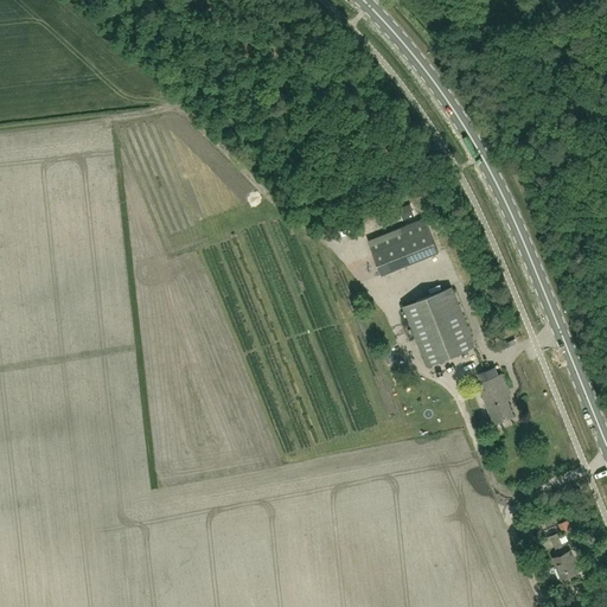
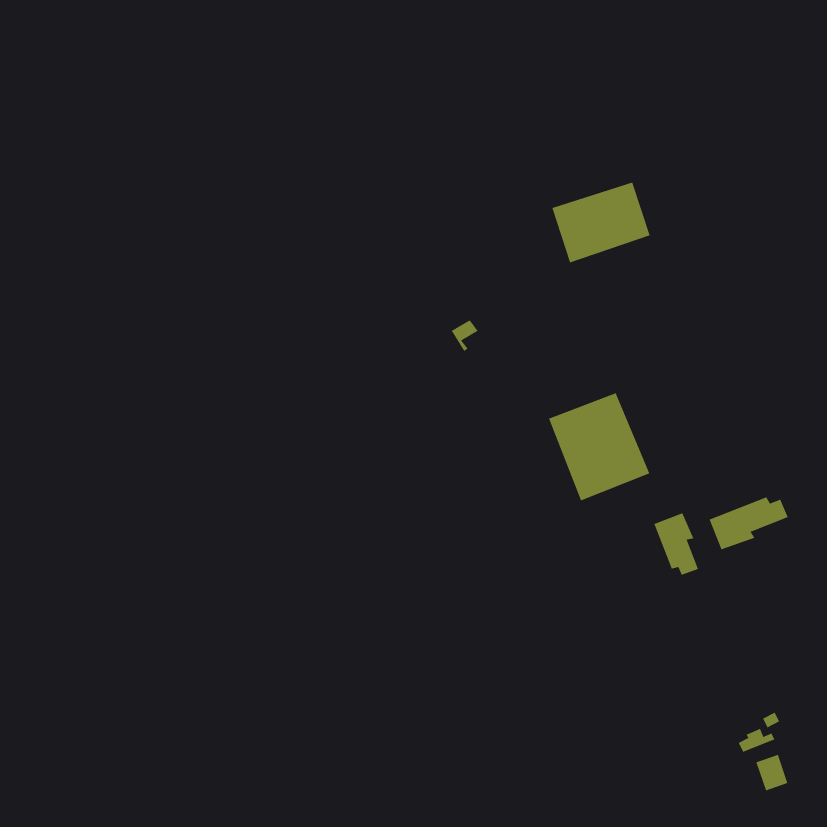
building: [369,216,441,275] -> [552,182,651,263]
building: none -> [709,497,788,550]

